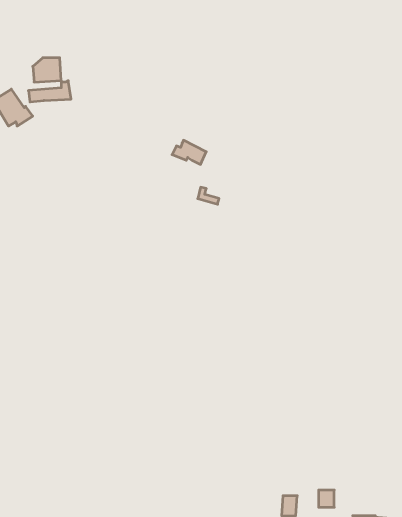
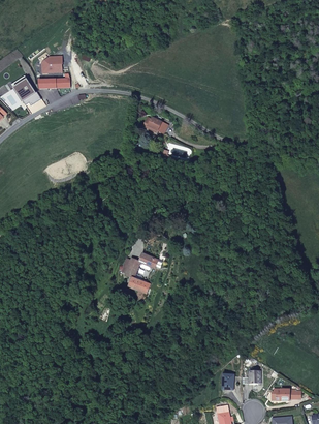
building: none -> [125,253,157,293]

